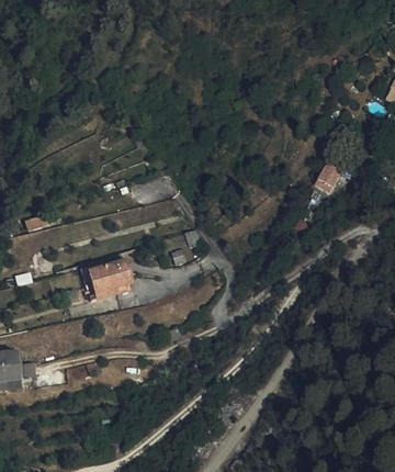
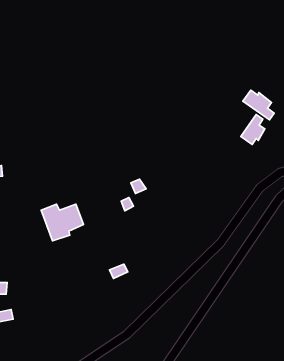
building: none -> [243,90,274,120]

